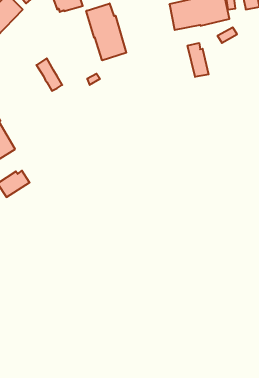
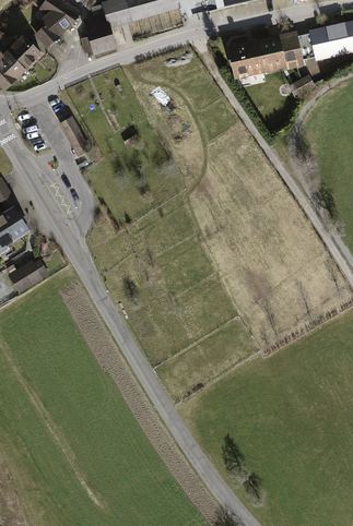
building: [86,3,126,60] -> none
building: [188,43,209,77] -> none

